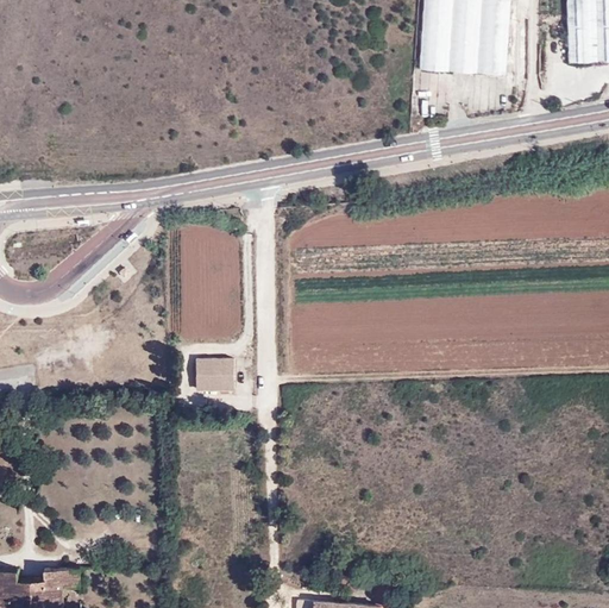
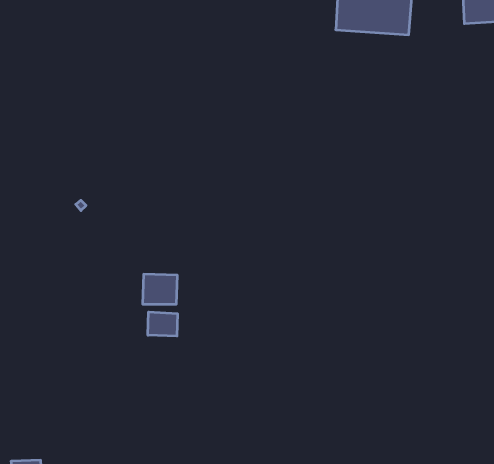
building: none -> [148,312,177,336]

